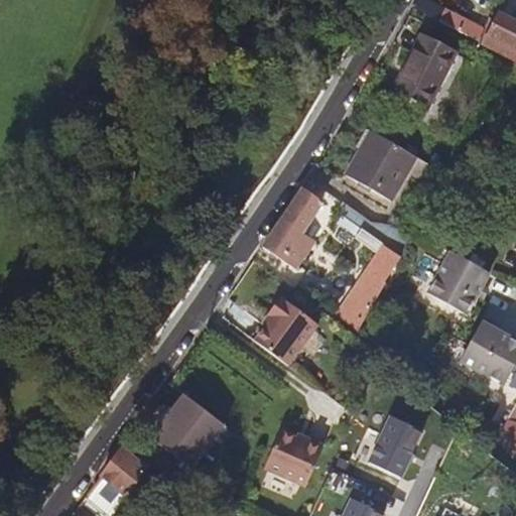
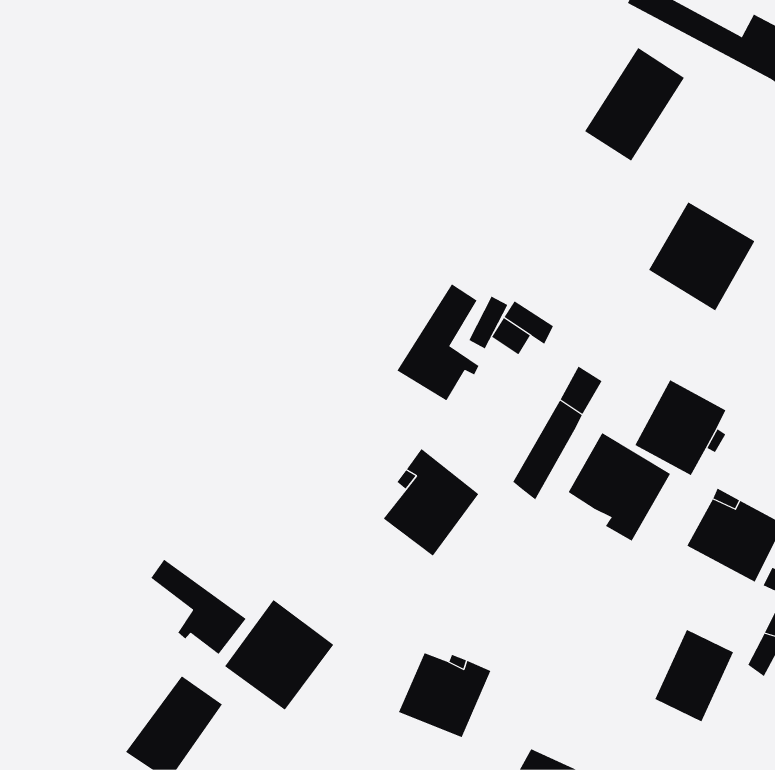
building: [347,126,417,199] -> [648,201,755,311]
building: none -> [568,432,671,541]
building: none -> [150,559,246,655]
building: [371,411,423,473] -> [654,629,734,722]

